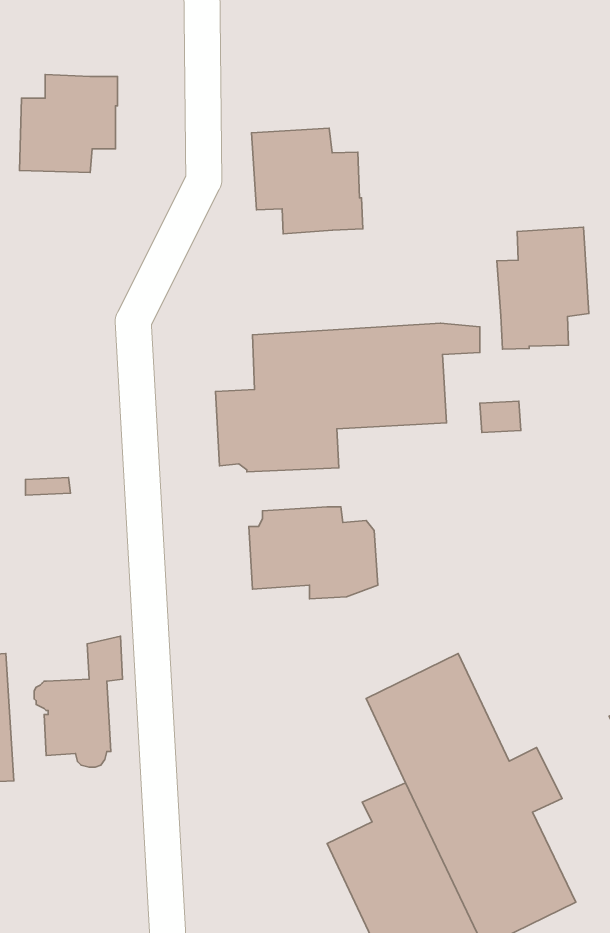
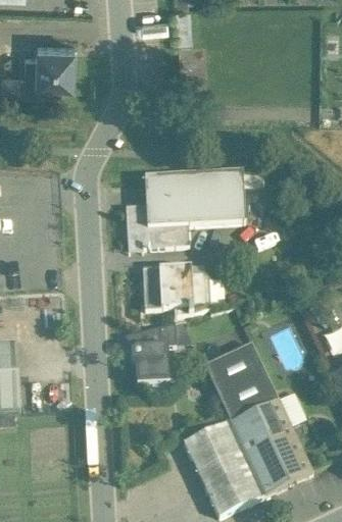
building: [252,128,363,234] -> none
building: [497,227,589,349] -> none
building: [34,636,122,767] -> [131,322,177,390]

